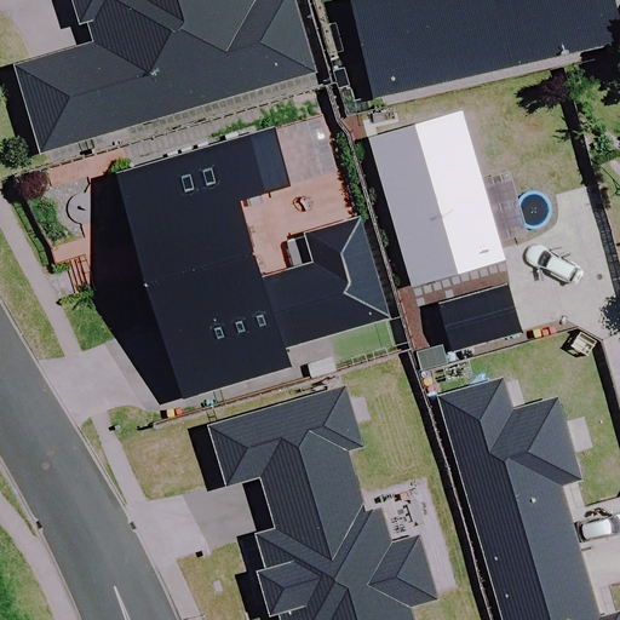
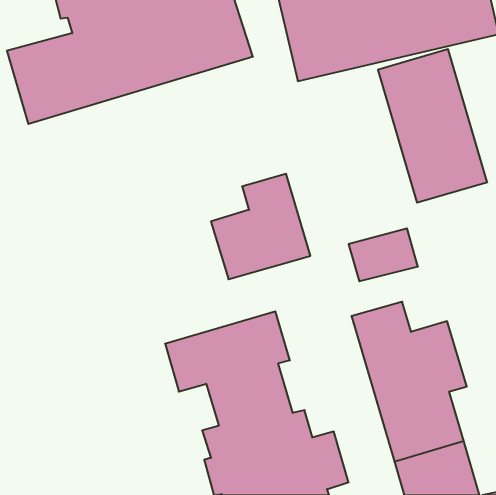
building: [366,88,501,279] -> [378,49,487,203]
building: [114,127,292,397] -> none

